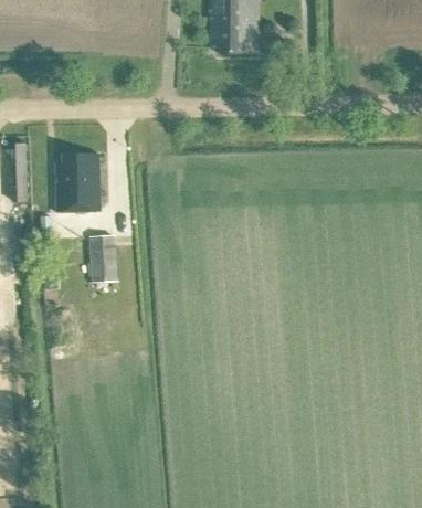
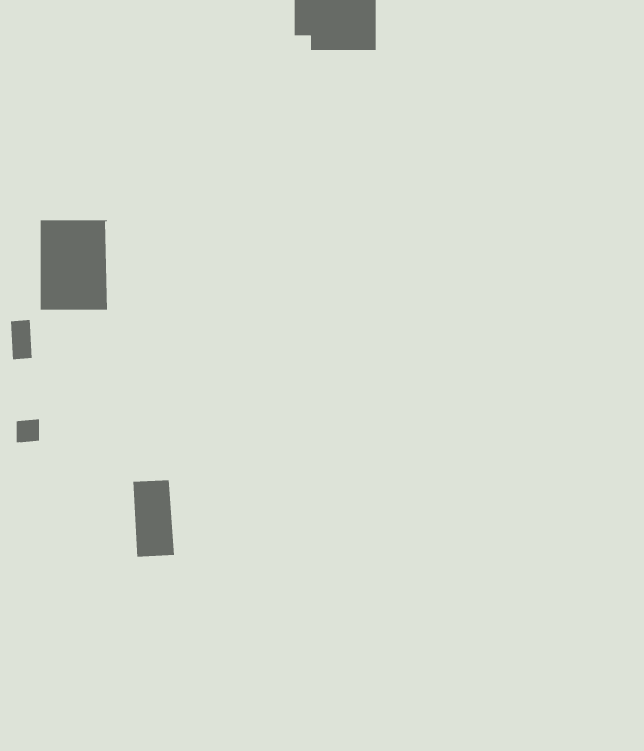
building: [91,235,116,282] -> [133,480,175,557]

